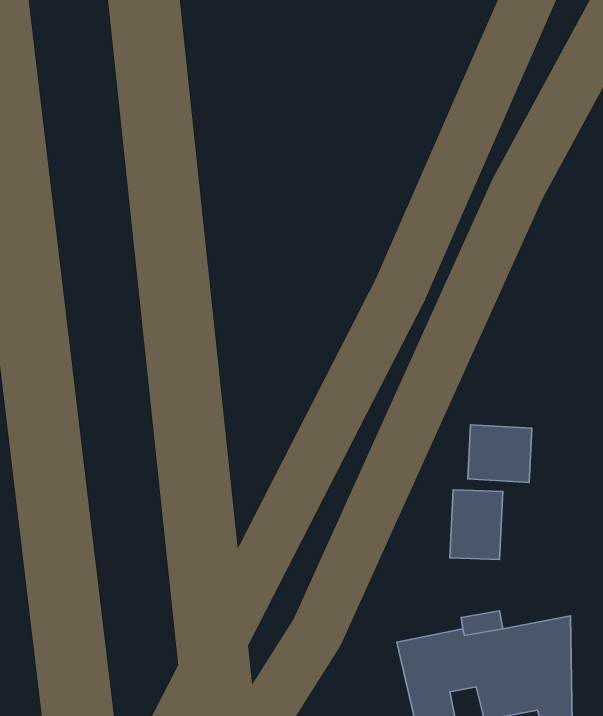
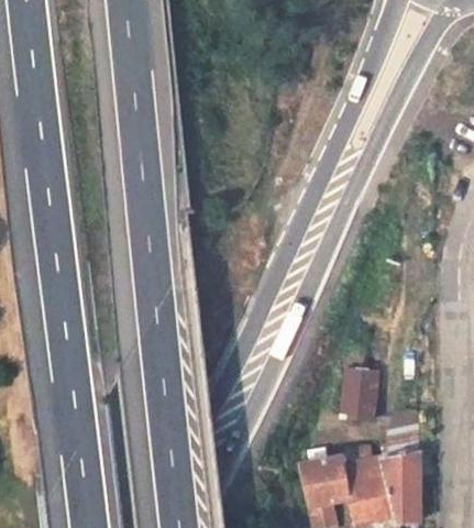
building: [468,425,532,483] -> none

